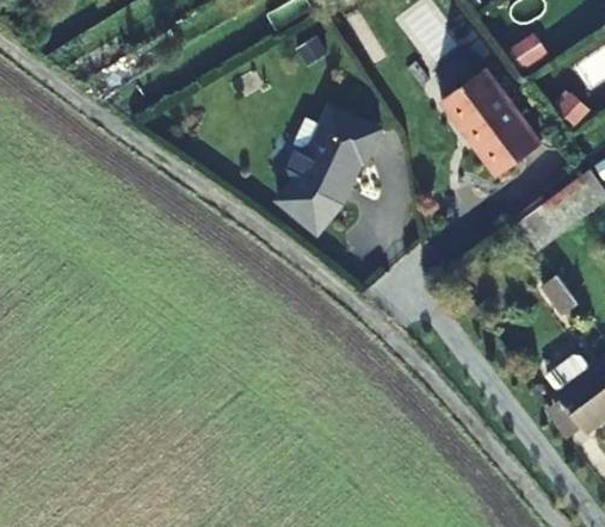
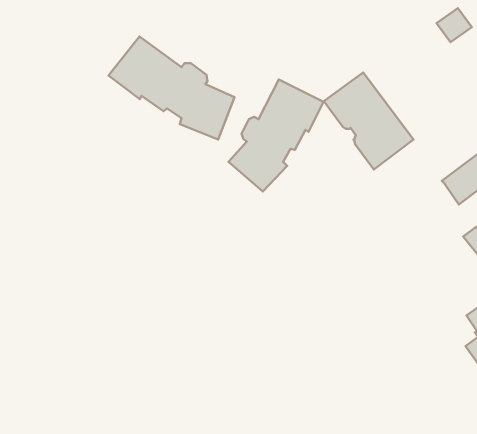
building: none -> [108,36,235,140]
building: [440,70,541,179] -> [324,72,413,169]

